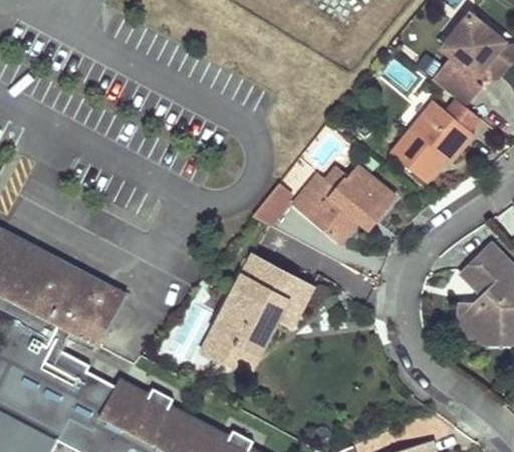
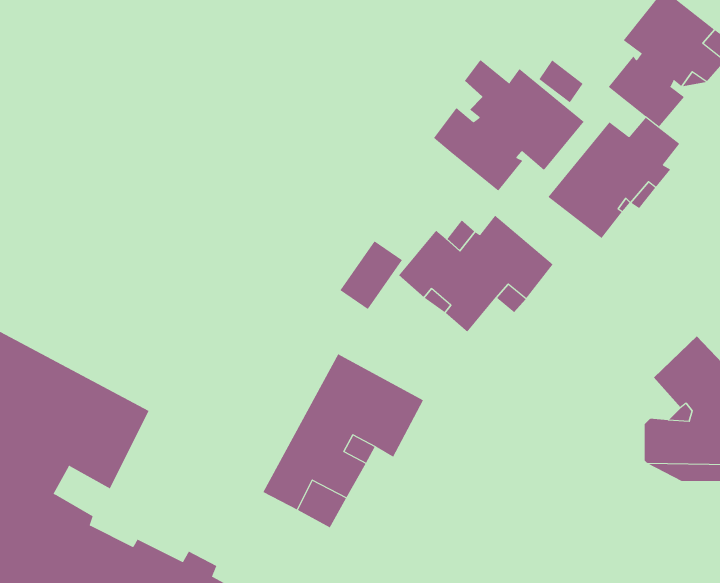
building: none -> [433,59,584,192]

